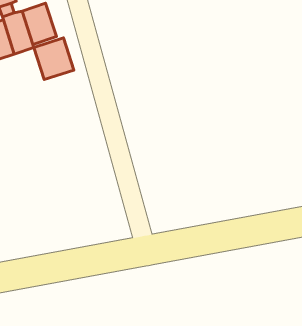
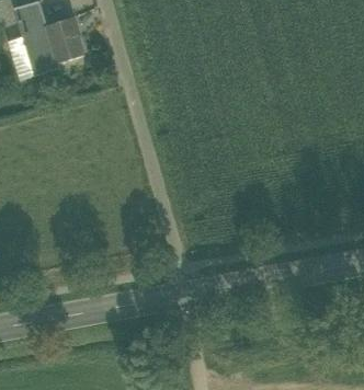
building: [34,38,74,80] -> none

